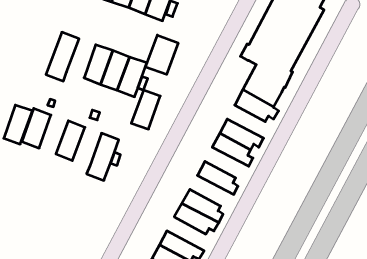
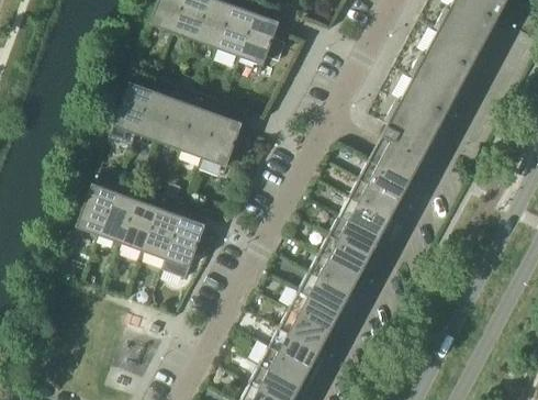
building: [145,35,178,74] -> none
building: none -> [136,91,175,143]
building: [131,90,160,129] -> [144,209,182,260]
building: none -> [349,179,403,223]
building: [4,105,33,144] -> [100,192,138,244]
building: none -> [320,235,378,276]
building: none -> [300,273,358,313]
building: none -> [269,327,324,373]

